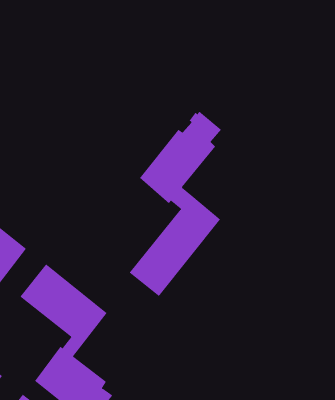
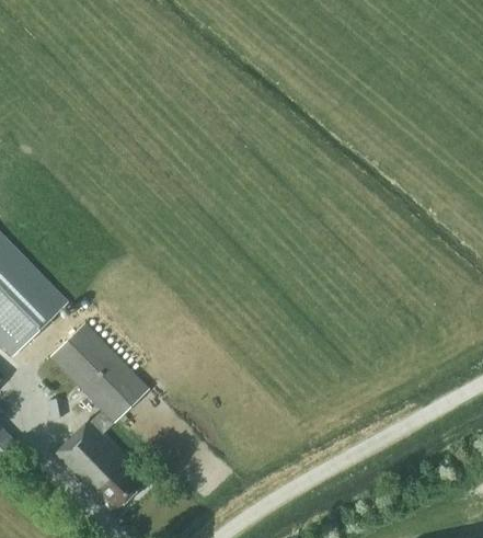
building: [129,111,222,297] -> none

